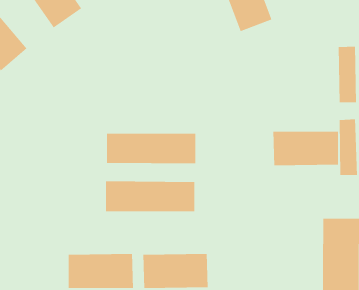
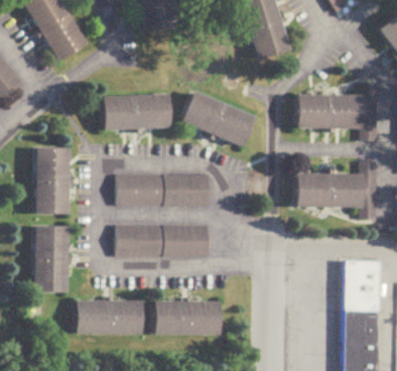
building: none -> [176,91,255,154]
building: none -> [101,92,171,131]
building: none -> [291,93,360,130]
building: none -> [36,149,74,219]
building: none -> [34,226,72,295]

